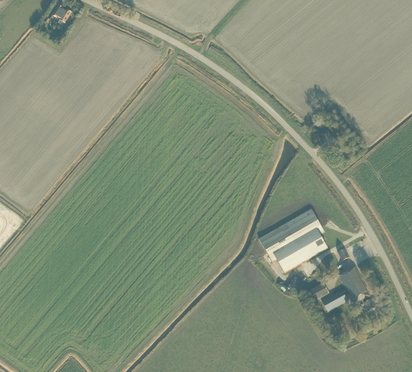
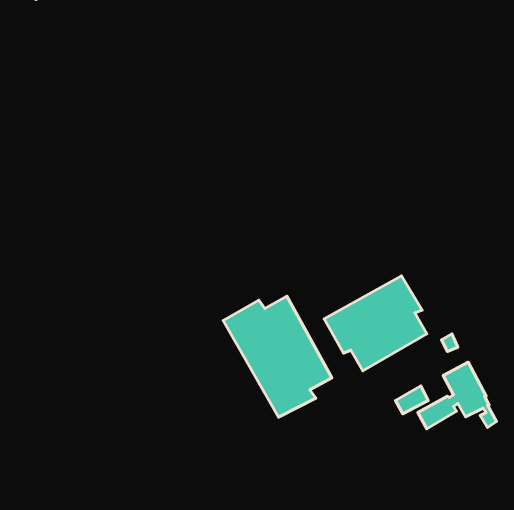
building: none -> [223,296,332,417]

